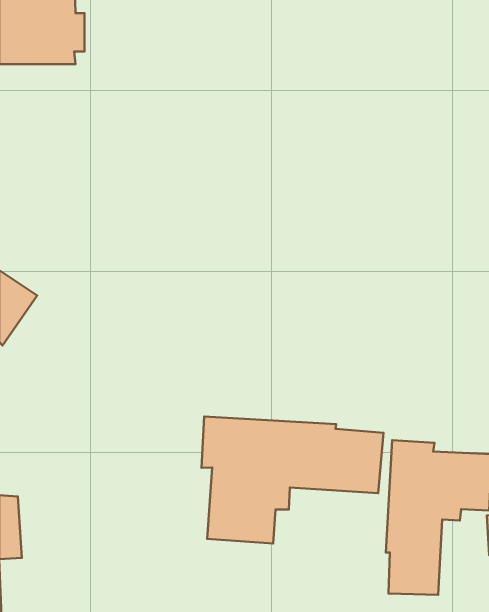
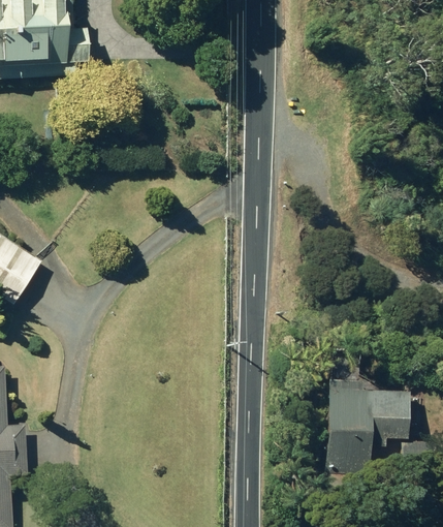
building: [202,417,383,544] -> none

